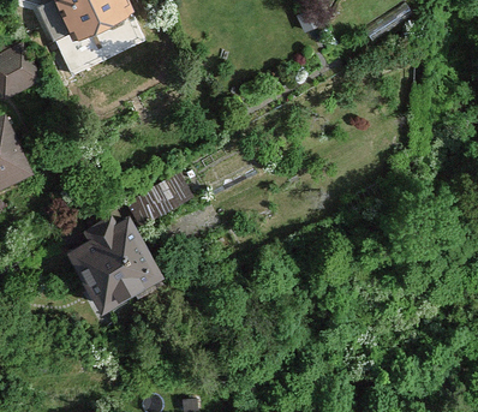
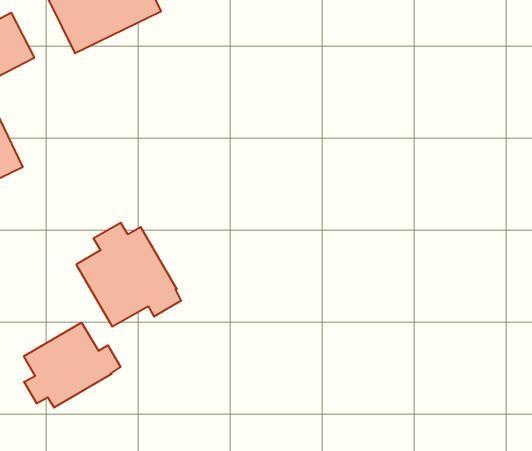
building: none -> [24,323,121,408]

